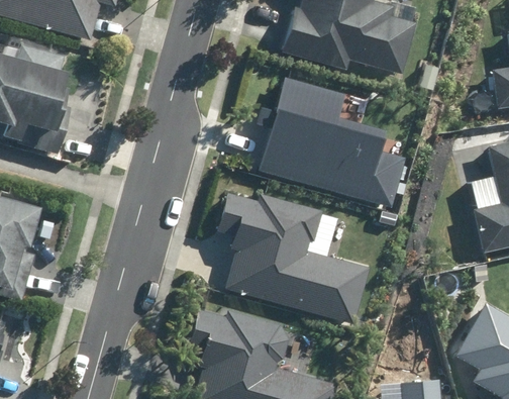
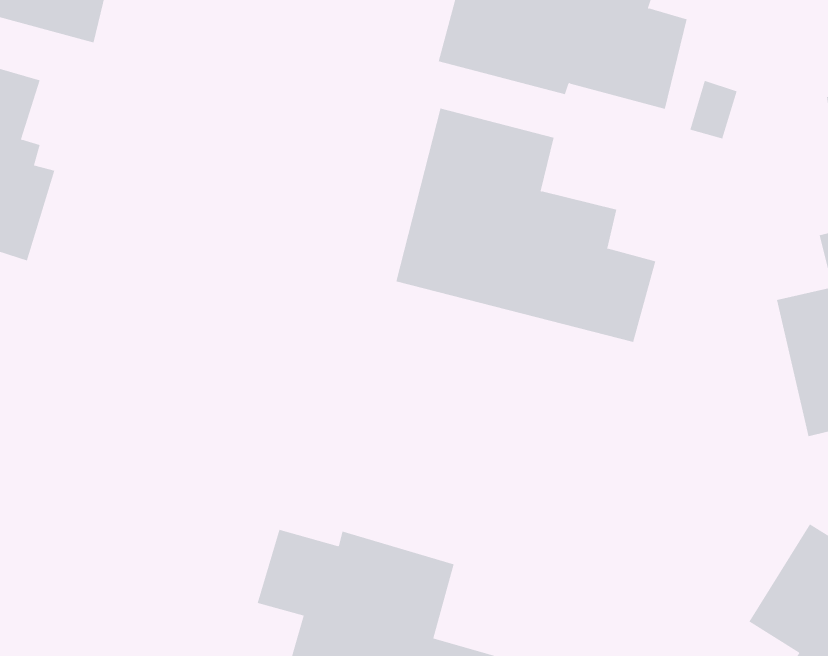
building: [211,193,368,322] -> none

